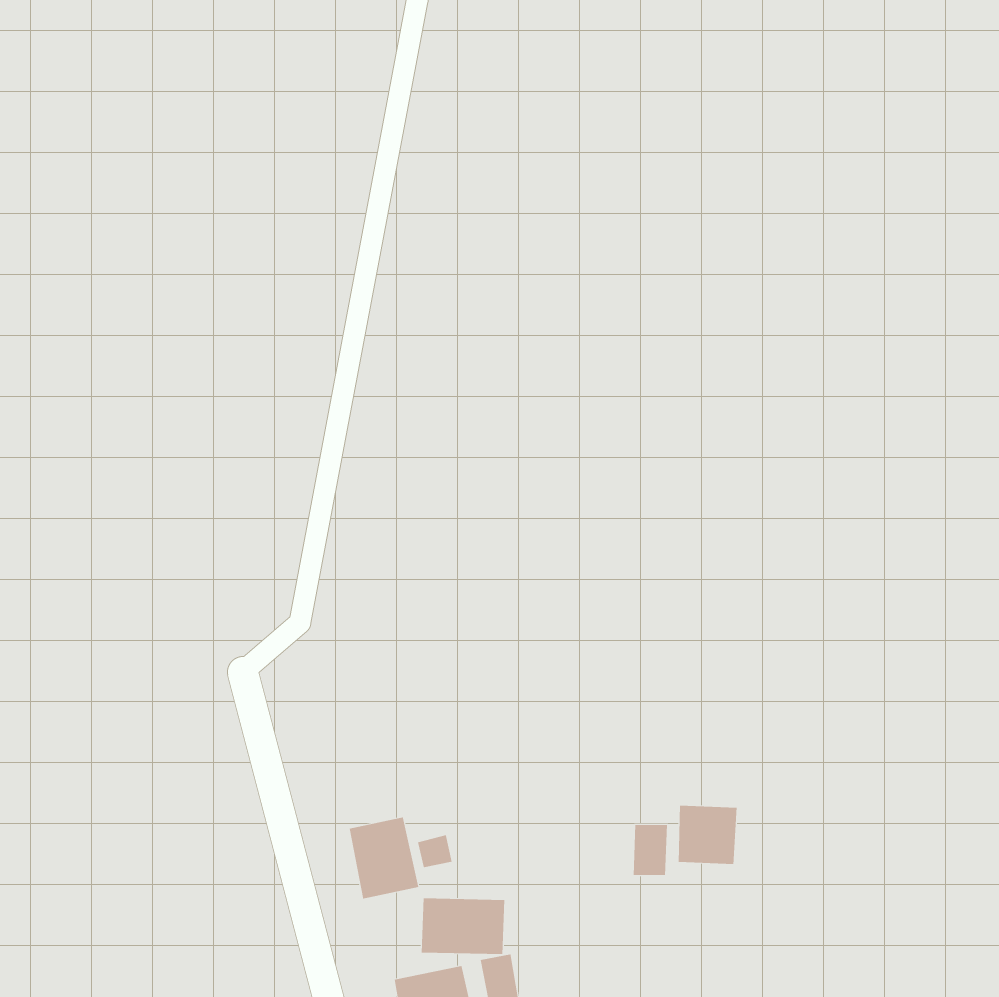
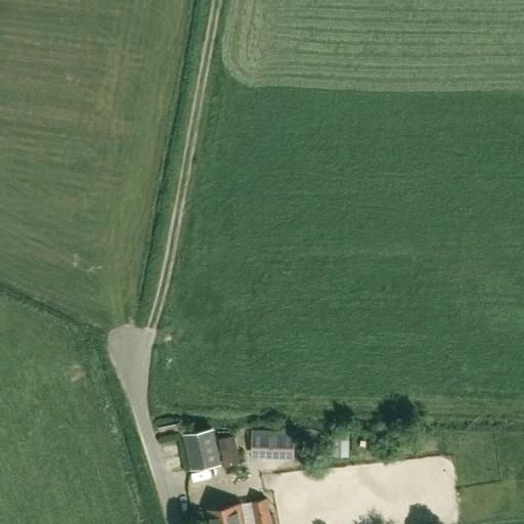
building: [678,805,737,865] -> none
building: [421,898,505,955] -> [252,431,296,461]

